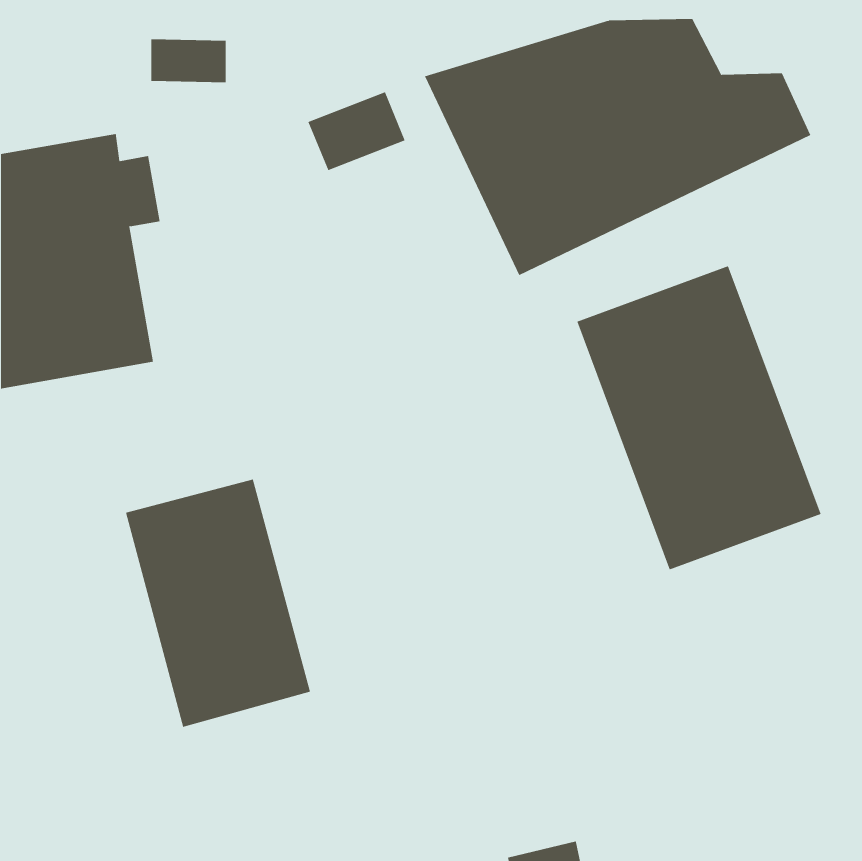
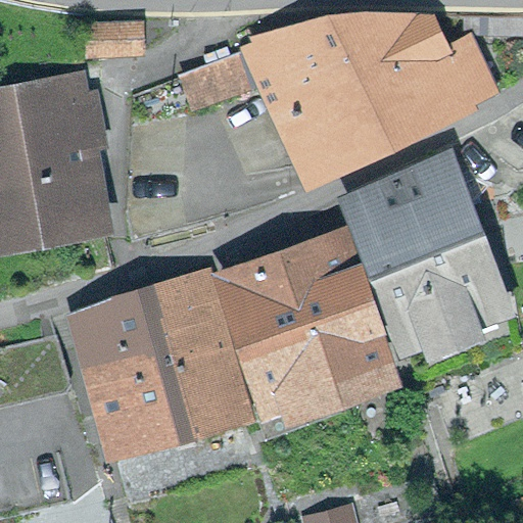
building: none -> [222,238,386,407]
building: none -> [154,280,248,420]

